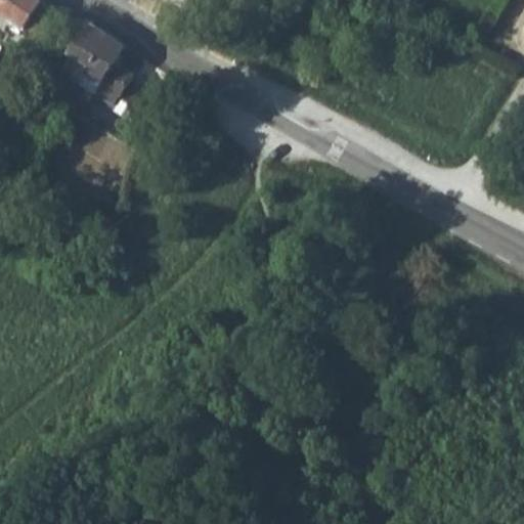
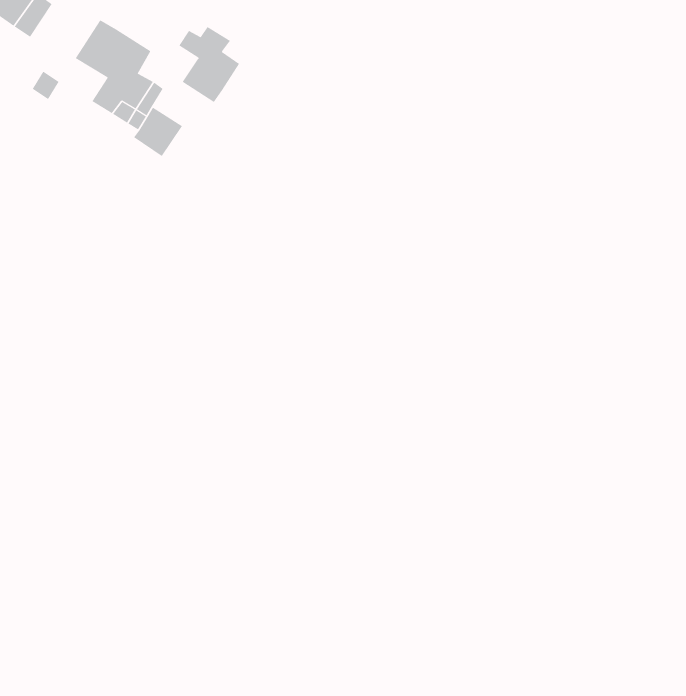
building: none -> [178,26,240,103]

